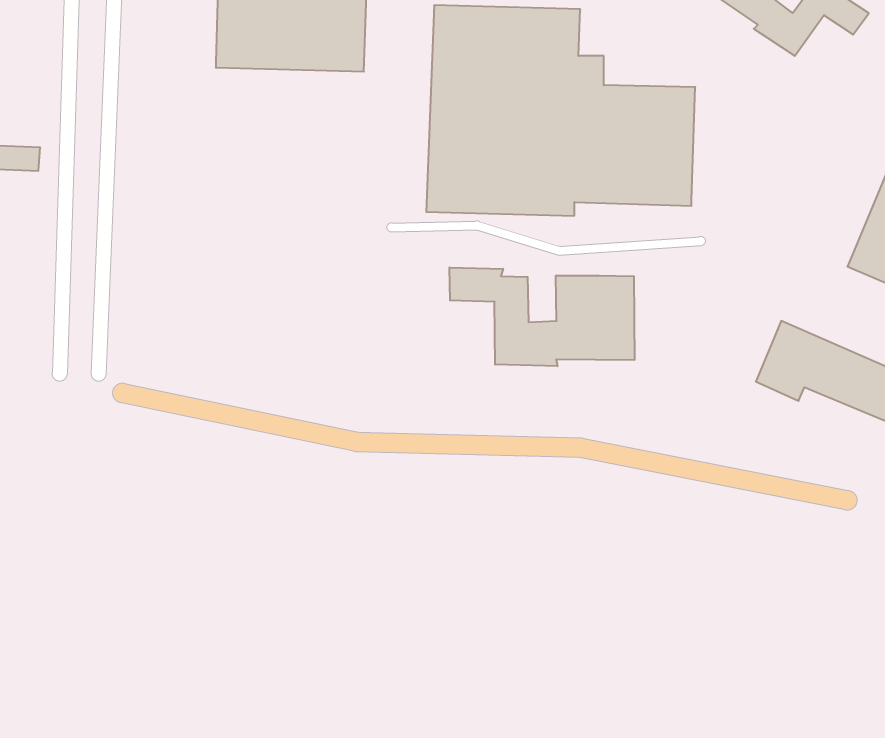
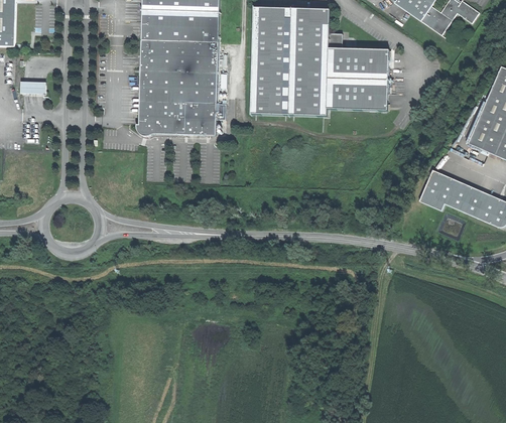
building: none -> [136,39,226,135]
building: [450,267,634,366] -> none

